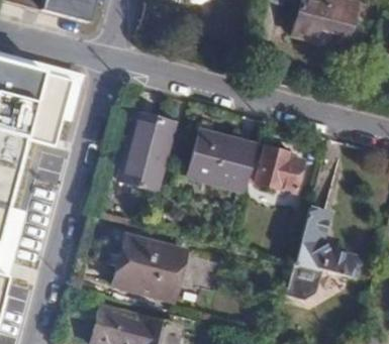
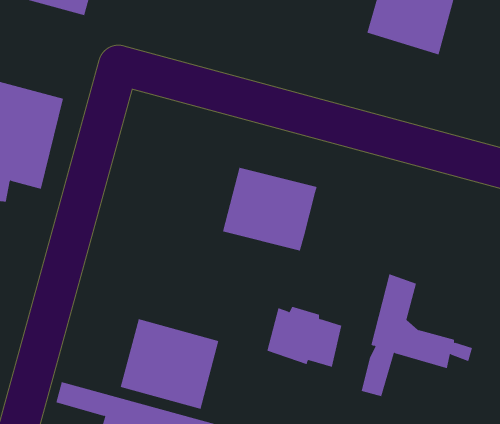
building: [120,111,177,188] -> none
building: [247,146,301,191] -> [267,306,342,368]

